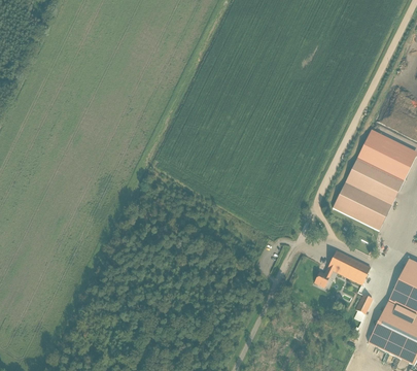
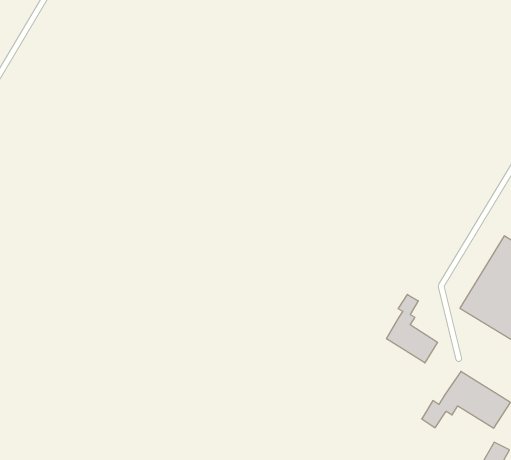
building: none -> [387,294,438,363]

